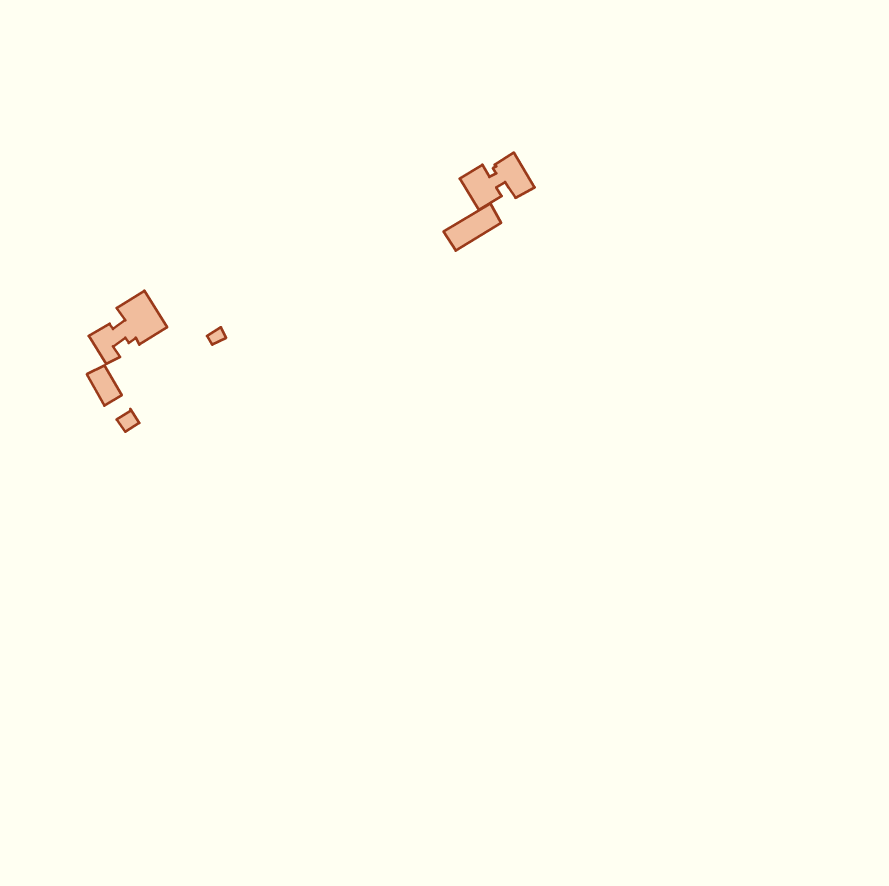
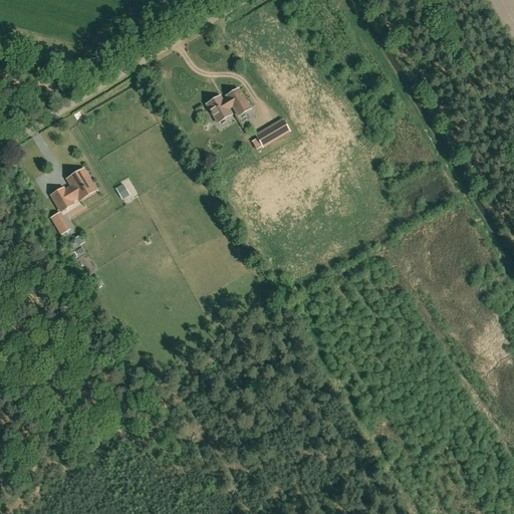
building: [460,153,535,210] -> [207,87,250,120]

